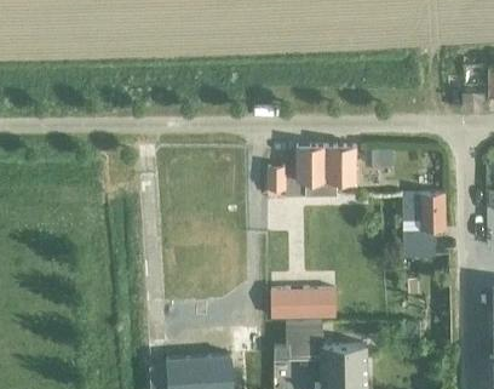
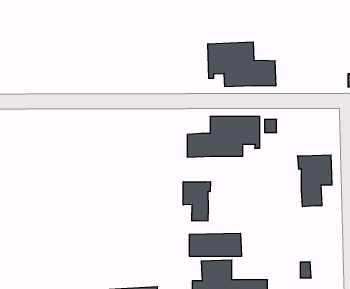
building: none -> [208,42,276,87]
building: none -> [183,182,211,221]

